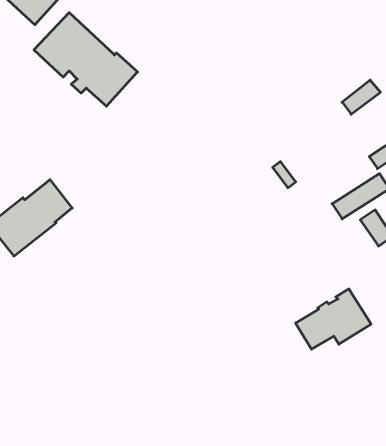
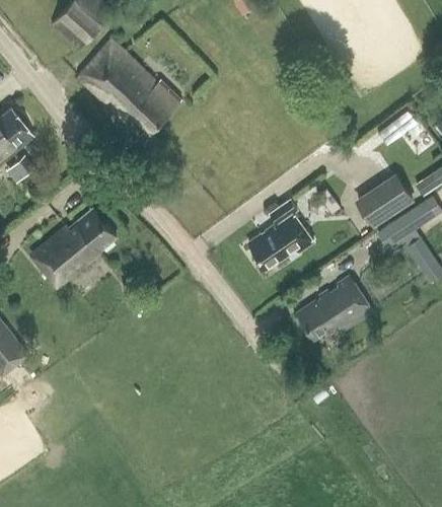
building: none -> [357,177,411,227]
building: none -> [247,201,311,269]
building: [296,289,371,349] -> [296,279,372,340]

